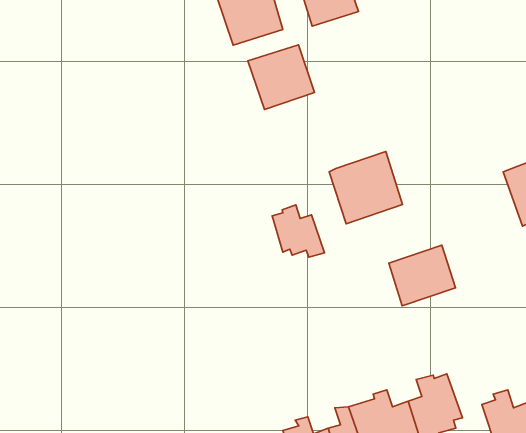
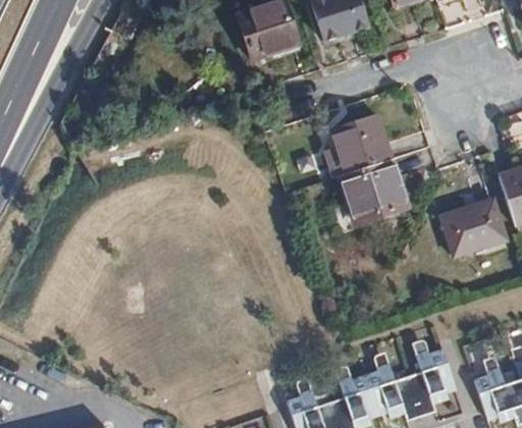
building: [248,45,314,109] -> [329,112,389,170]
building: [272,205,324,257] -> none
building: [389,245,455,306] -> [440,197,501,252]

